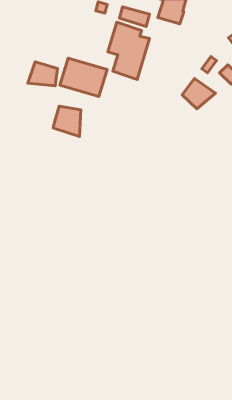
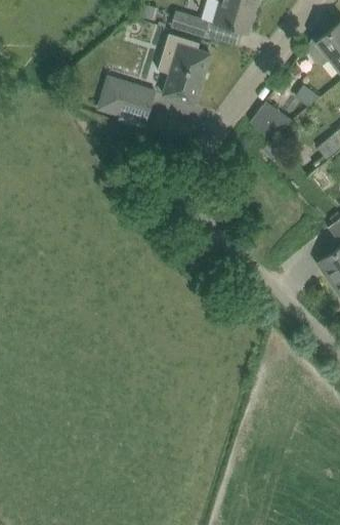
building: [28,62,58,86] -> none
building: [53,106,81,137] -> none

